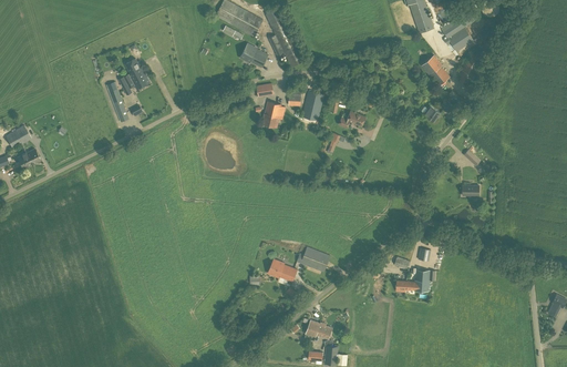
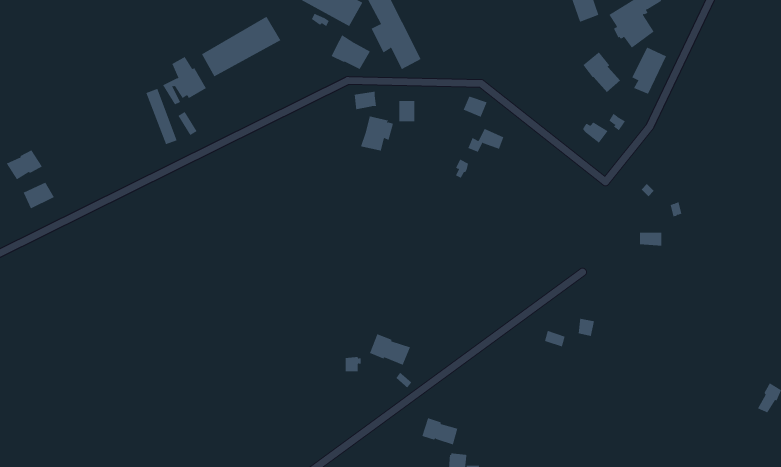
building: none -> [201,16,281,77]
building: [301,90,323,121] -> none
building: [296,246,329,272] -> none
building: [395,269,434,290] -> none

